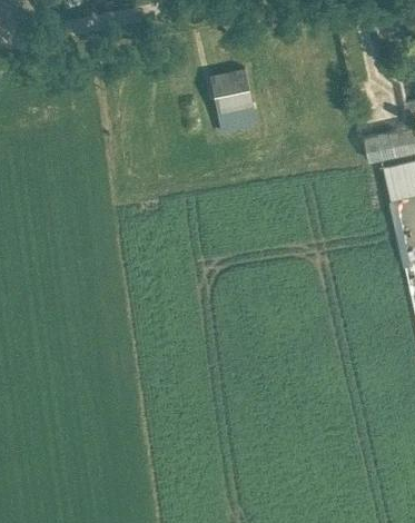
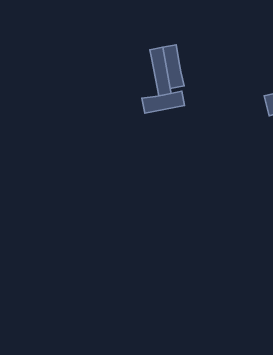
building: none -> [142,91,185,113]

